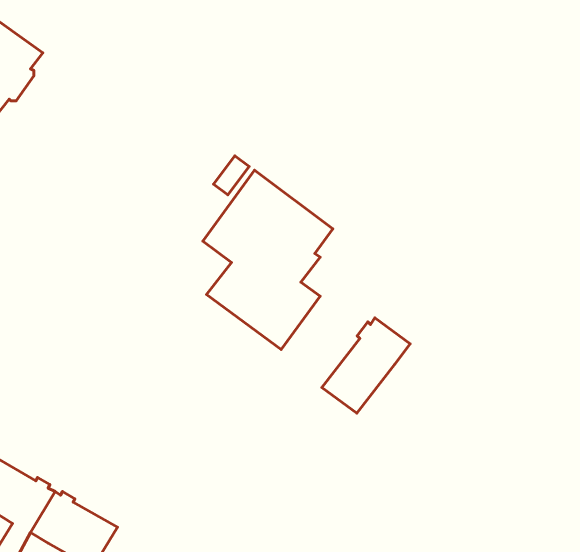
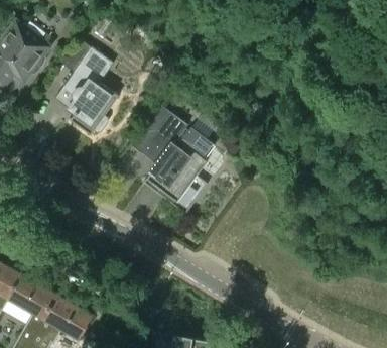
building: none -> [59,40,118,136]
building: [322,318,410,413] -> none

